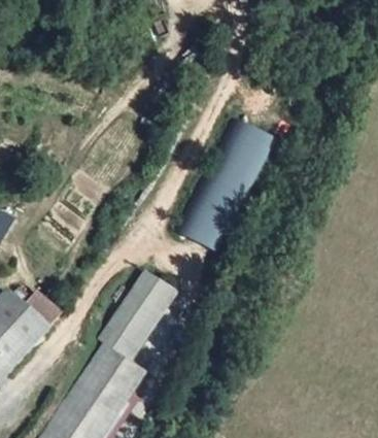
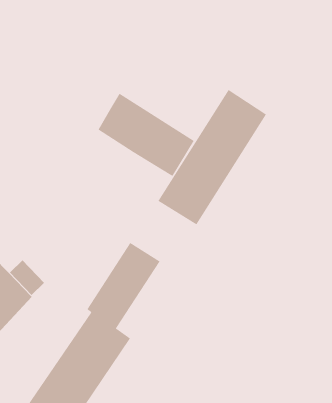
building: none -> [98,93,195,177]

